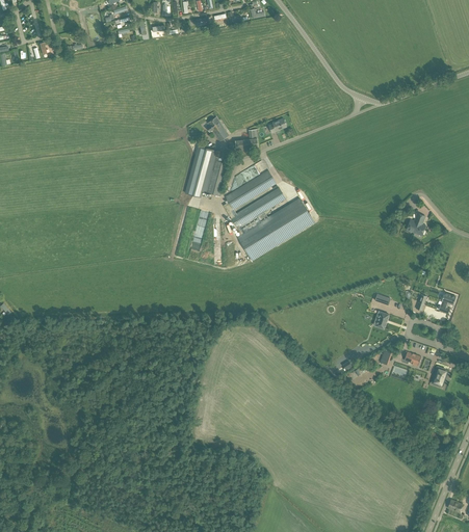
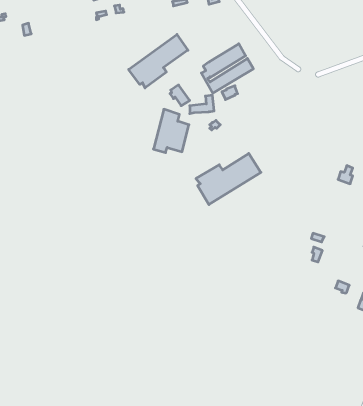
building: none -> [129,34,188,88]
building: [223,168,285,228] -> [201,44,253,93]

